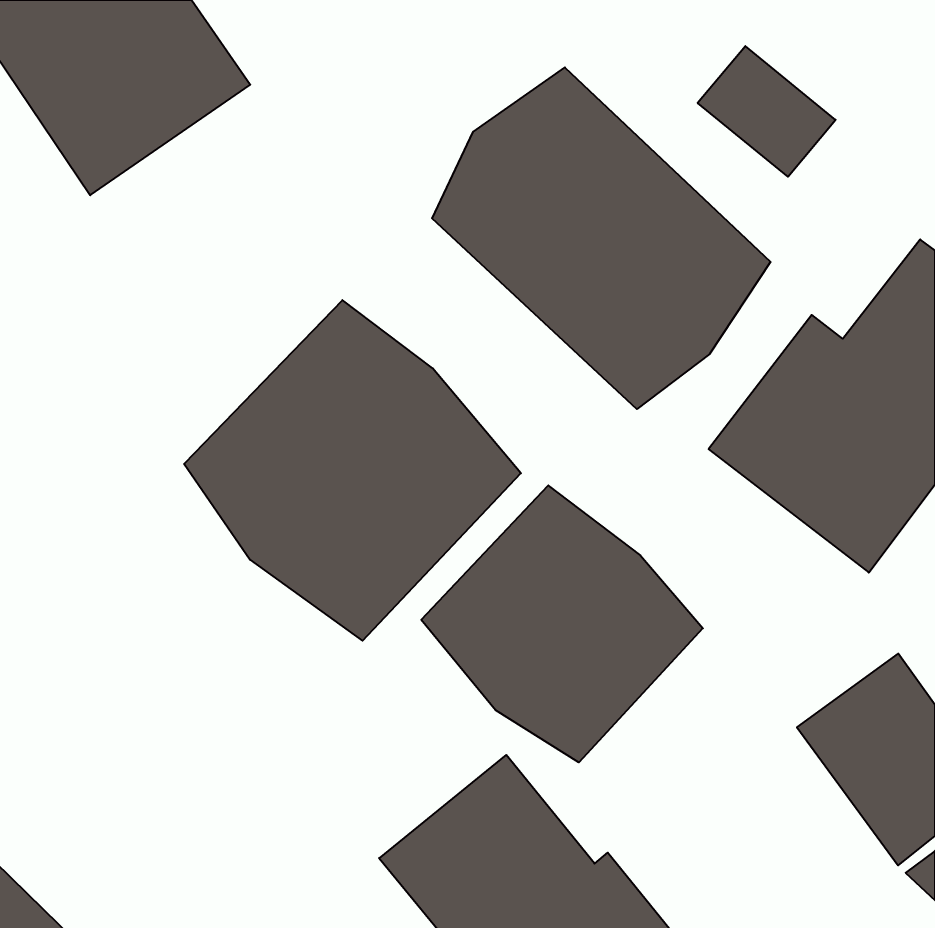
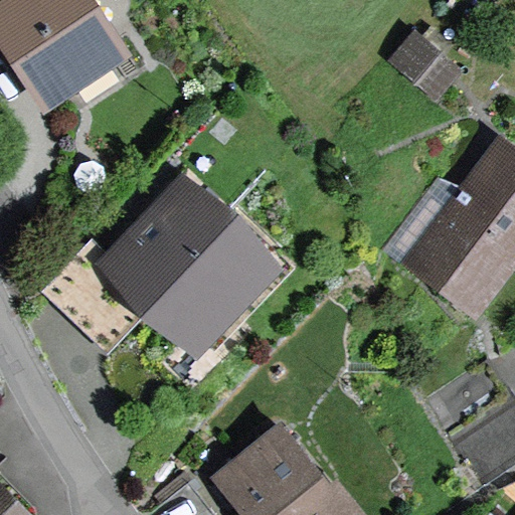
building: [432,67,771,409] -> none
building: [421,485,703,762] -> none

